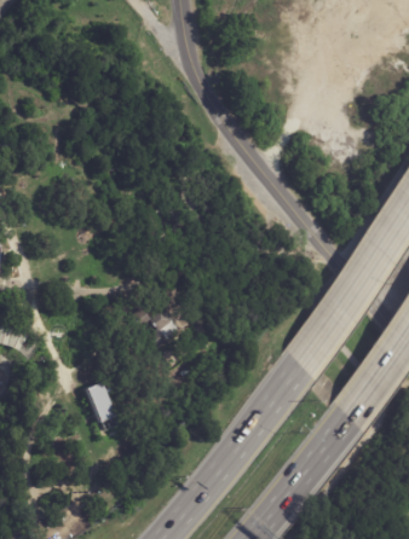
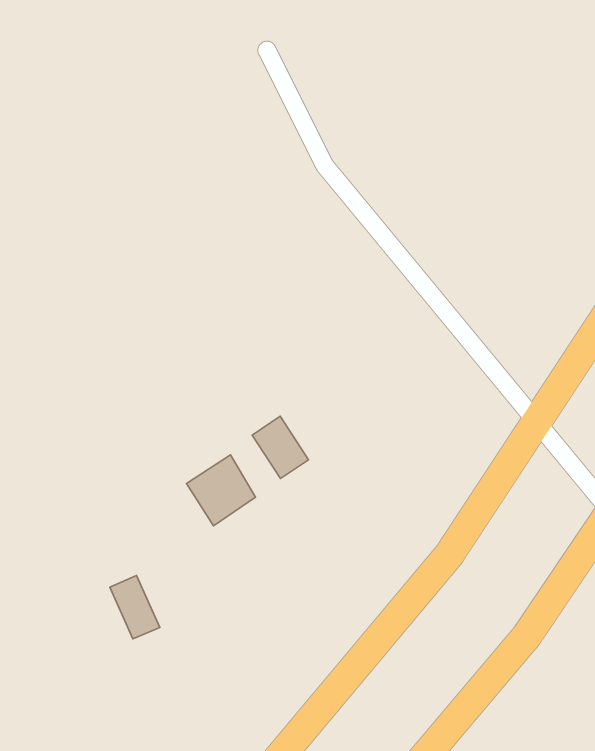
building: none -> [252,416,309,479]

